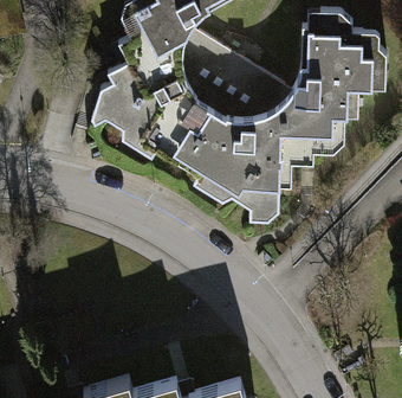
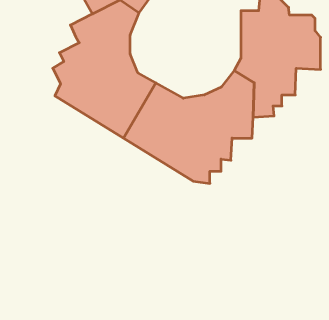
building: [181,34,292,126] -> none

